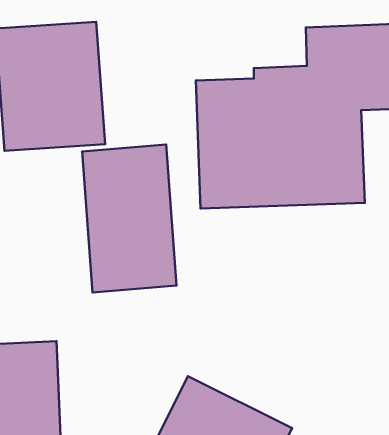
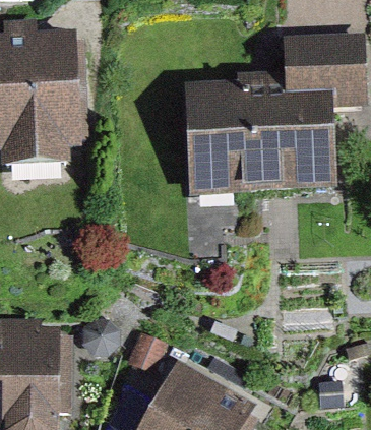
building: [82,144,177,292] -> none

